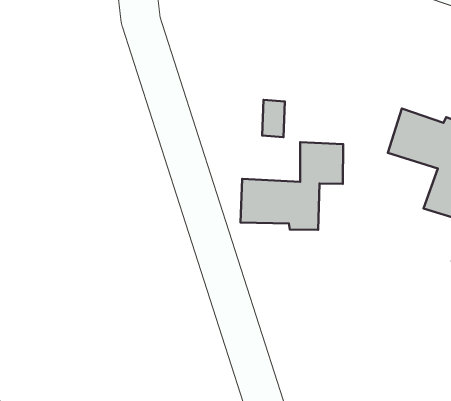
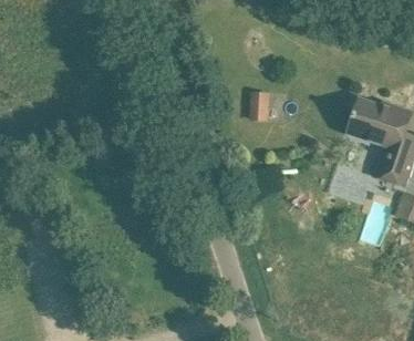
building: [240,142,343,230] -> none

